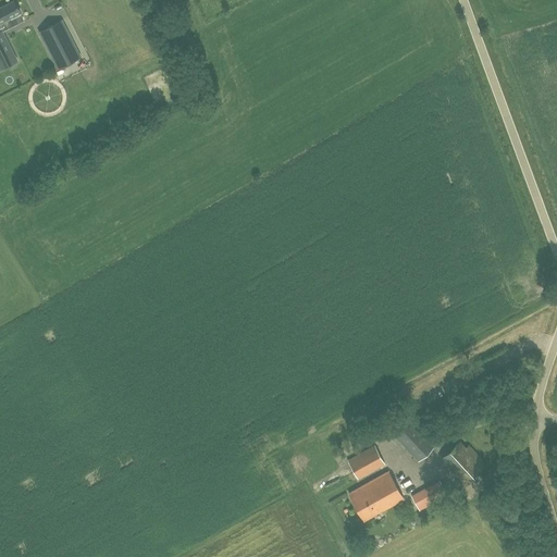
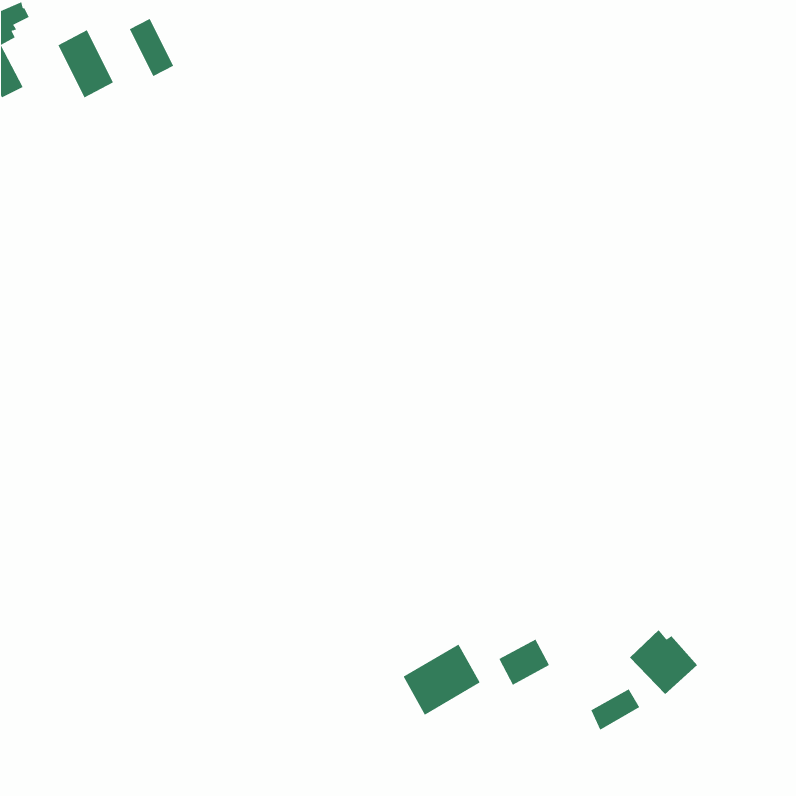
building: none -> [129,18,174,77]
building: [393,418,435,461] -> none
building: [349,471,404,521] -> [403,644,481,715]

